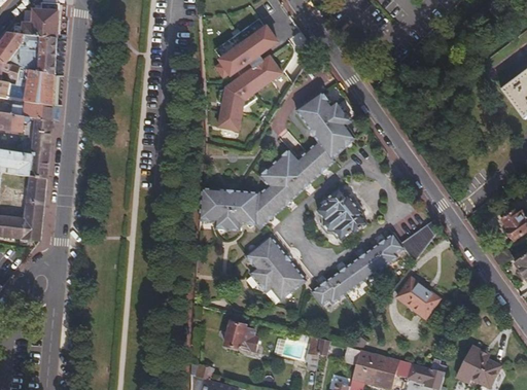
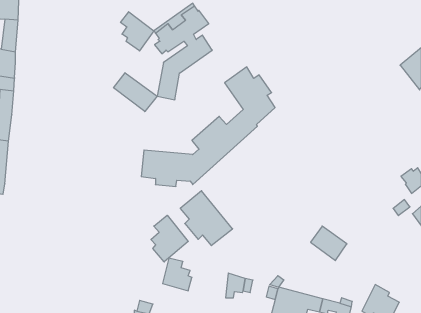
building: none -> [121,12,154,51]
building: none -> [114,73,157,112]
building: [319,190,364,237] -> none
building: [312,219,441,306] -> none
building: none -> [151,215,188,262]

